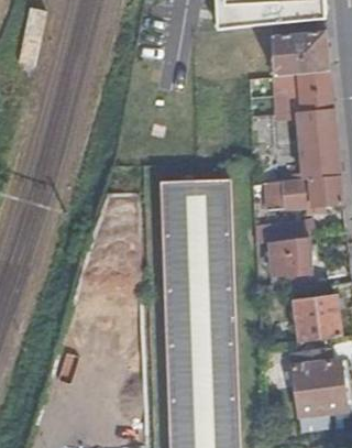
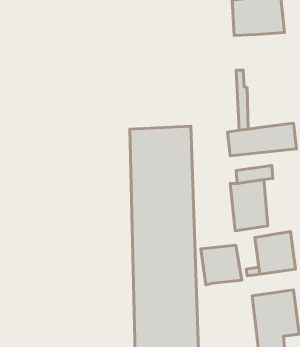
building: [287,73,340,178] -> none
building: none -> [201,245,242,285]

